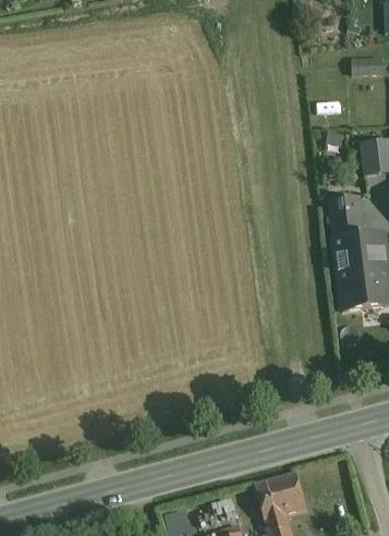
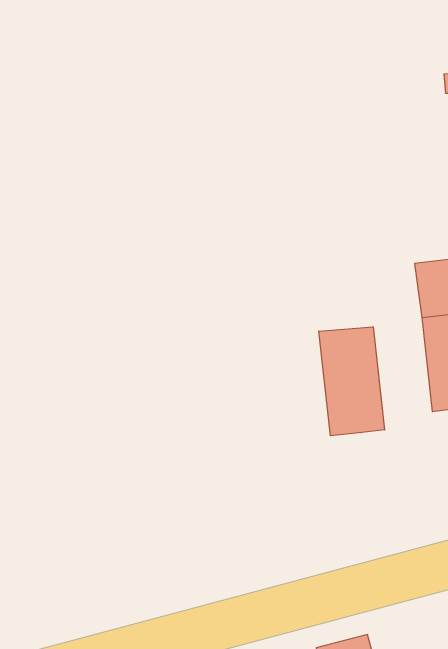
building: none -> [319,327,385,436]

